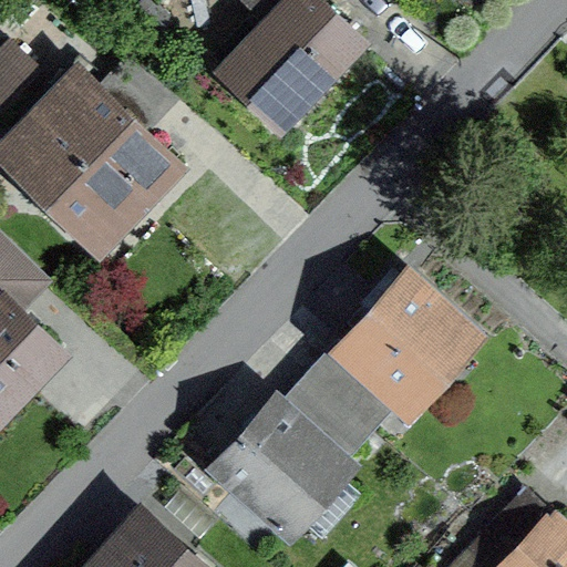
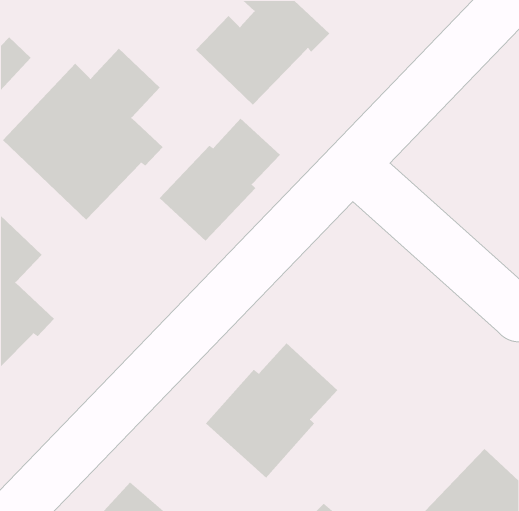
building: none -> [159,118,281,242]
building: [312,291,461,434] -> none

